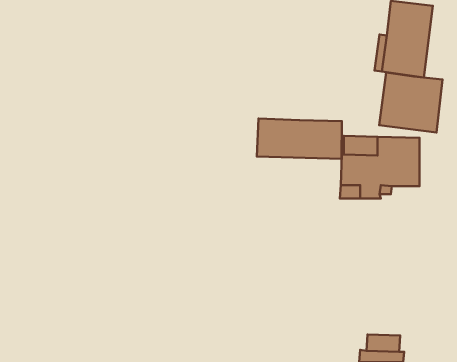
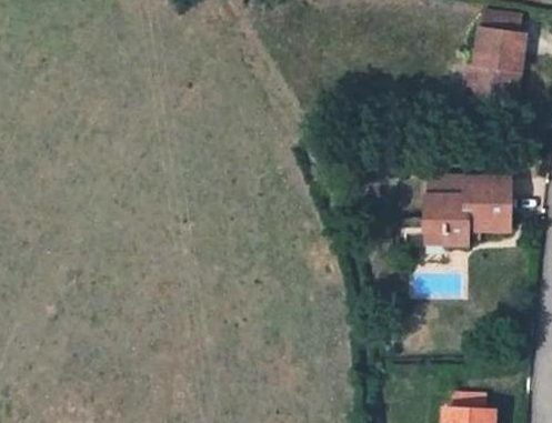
building: [379,72,443,133] -> none
building: [257,119,342,159] -> none

